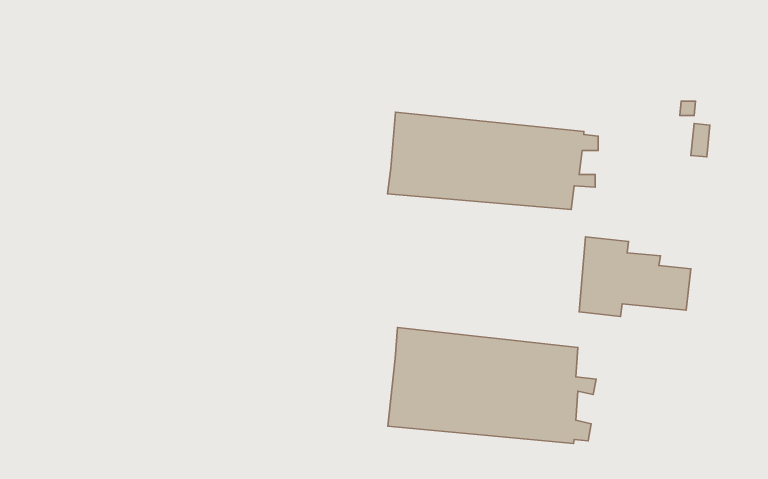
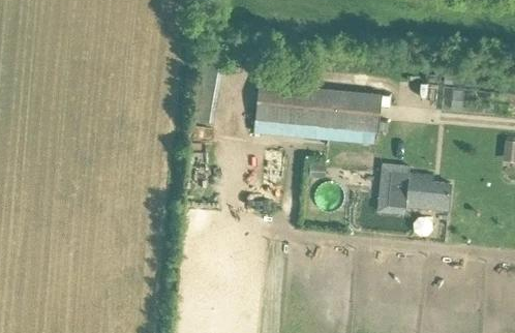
building: [388,327,596,443] -> none

